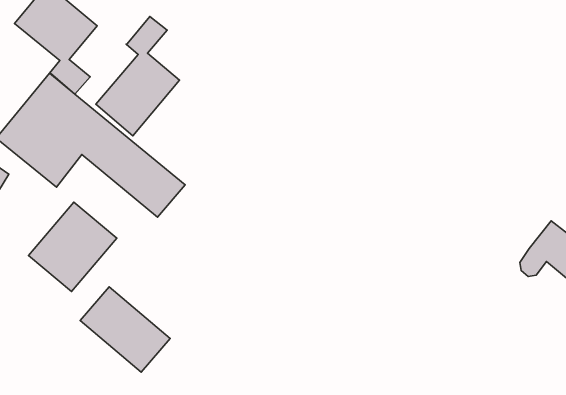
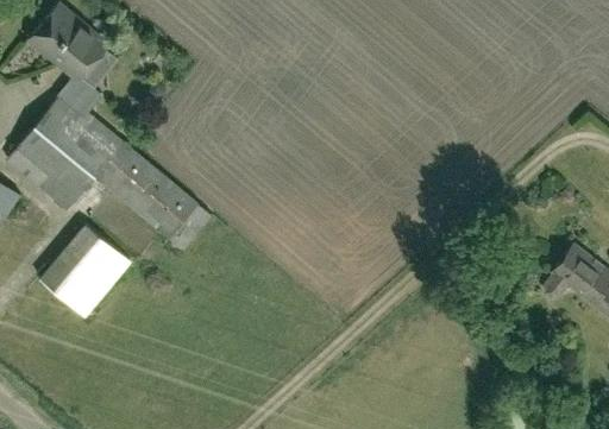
building: [96,16,179,136] -> none
building: [80,287,170,372] -> none

